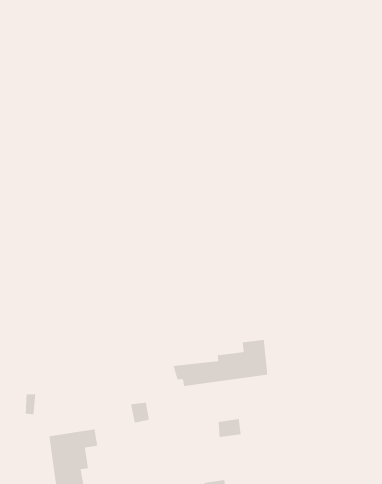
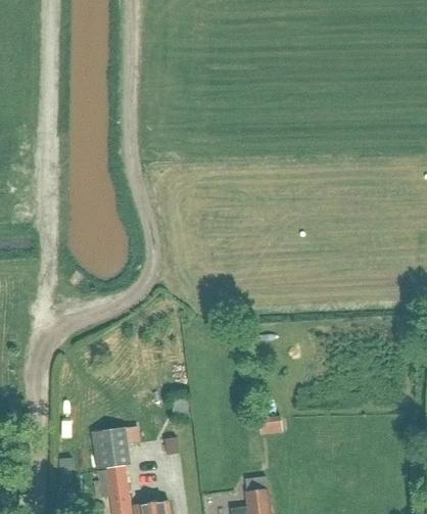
building: [173,339,268,387] -> none

